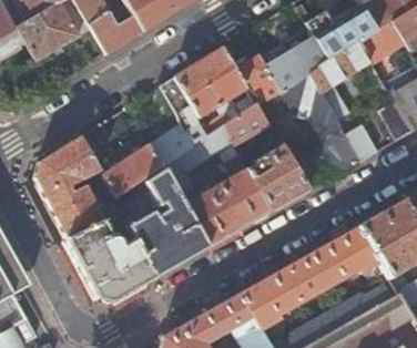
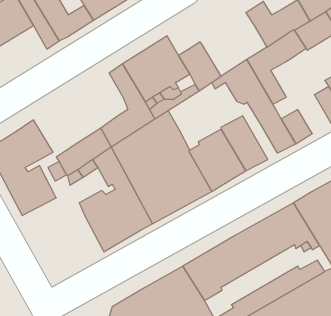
building: [260,35,328,90] -> none
building: [223,105,268,147] -> none
building: [67,211,154,301] -> none

